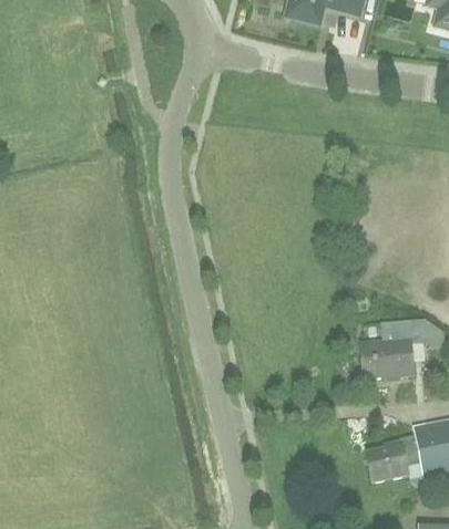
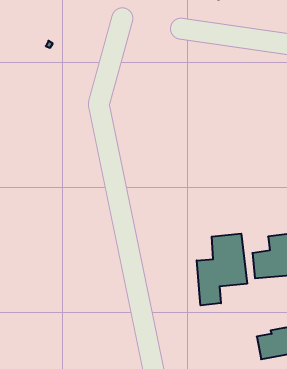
building: none -> [197,234,247,305]

